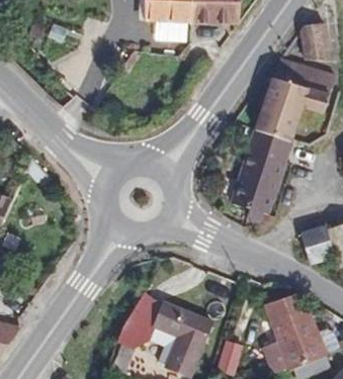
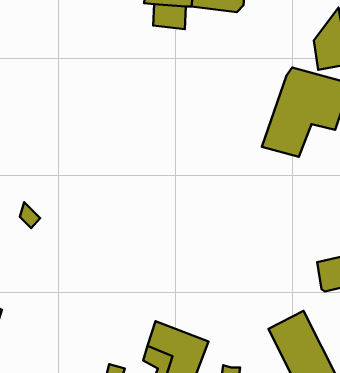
building: [223,138,286,231] -> none

